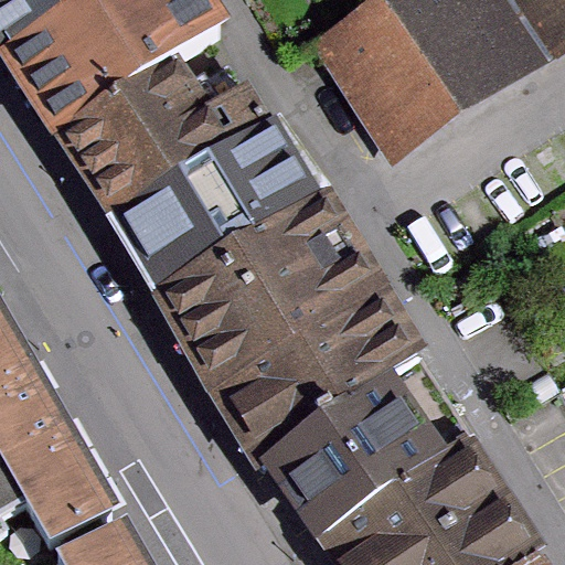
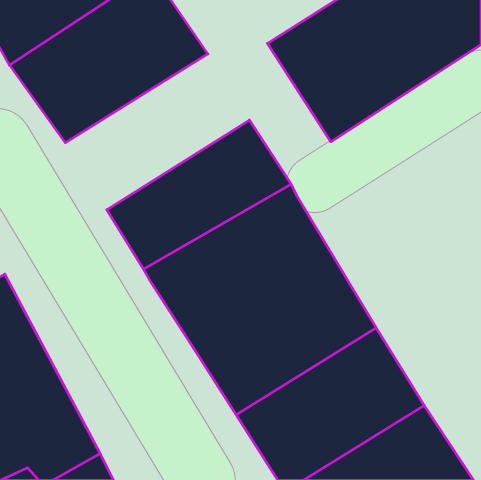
building: [76,63,291,245] -> none

